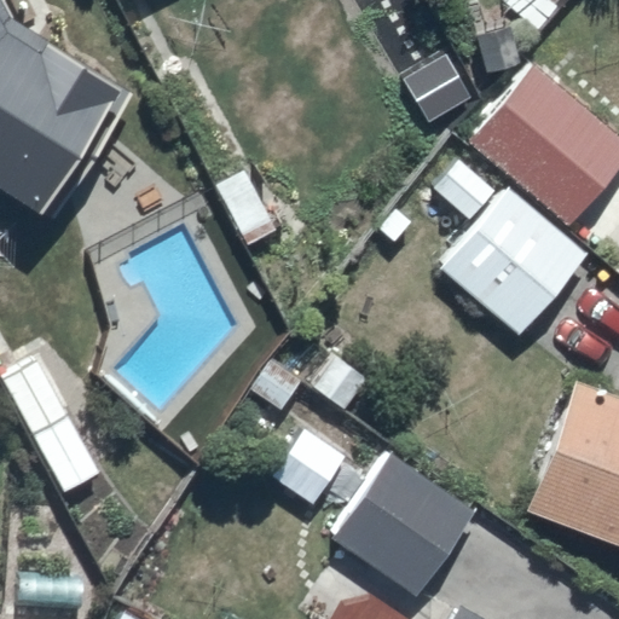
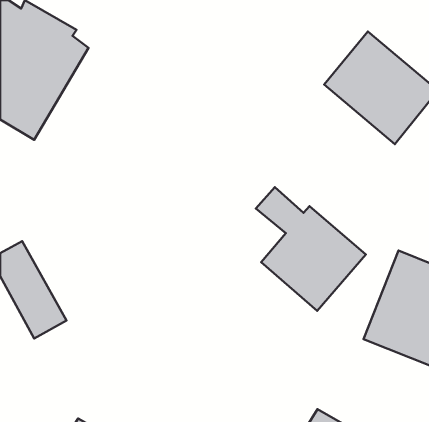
building: [432,161,588,336] -> [256,187,366,311]
building: [329,451,474,596] -> none

